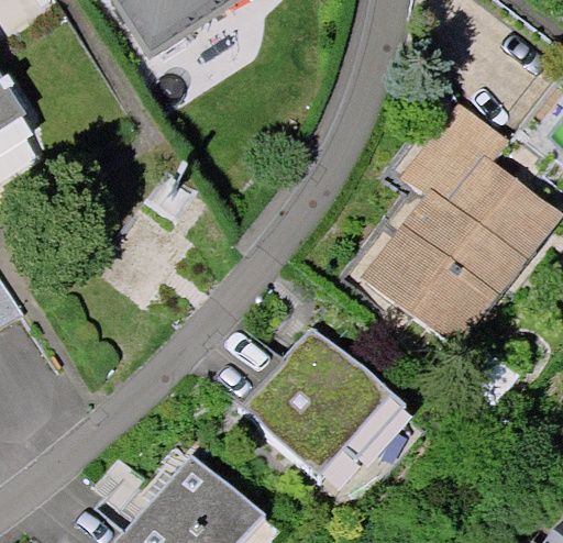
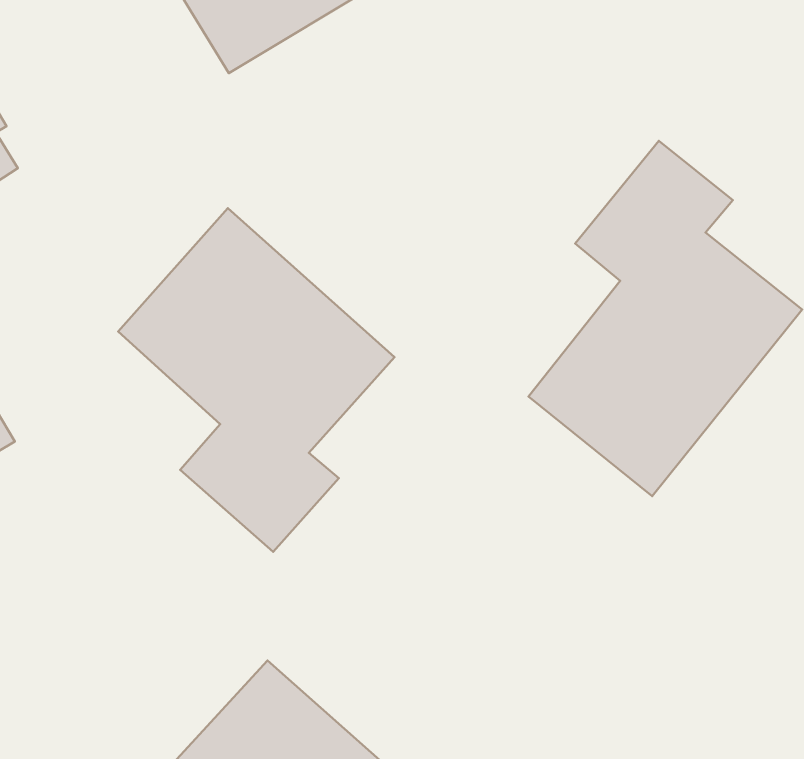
building: none -> [118,208,394,552]
building: [241,328,407,480] -> none

